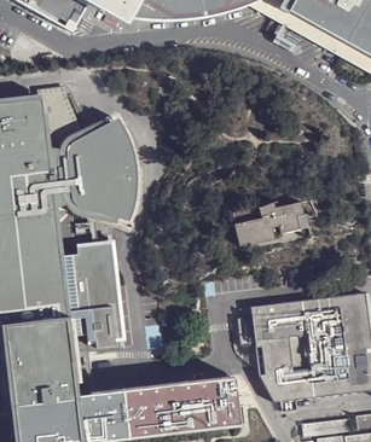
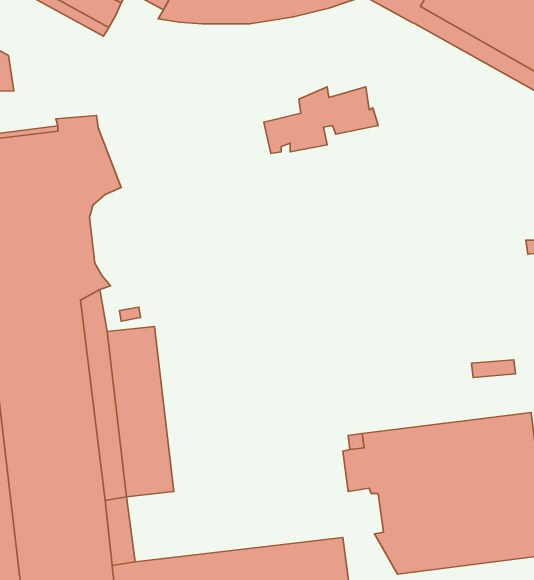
building: [62,120,132,217] -> none
building: [233,200,312,246] -> [264,87,378,154]

